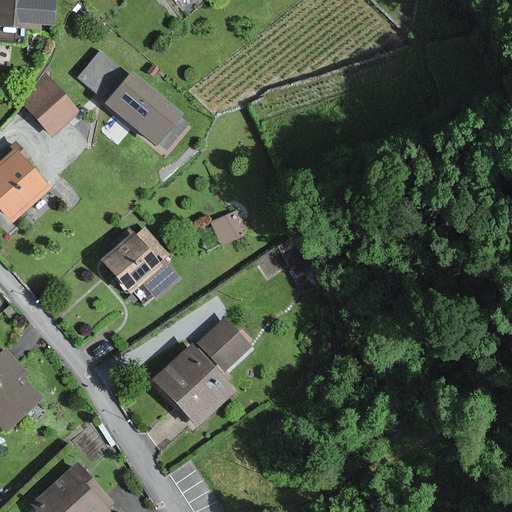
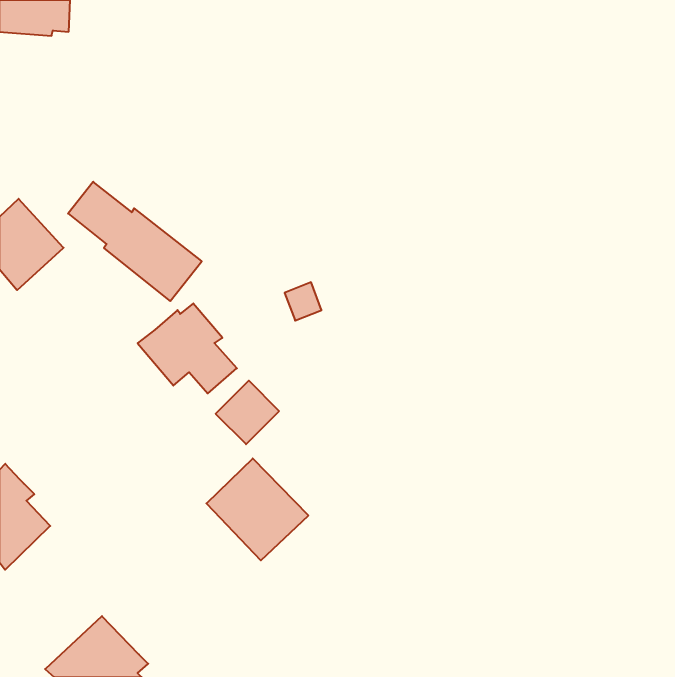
building: [80,53,181,143] -> [68,182,202,301]
building: [22,78,77,133] -> none
building: [201,320,249,368] -> [216,381,279,444]

